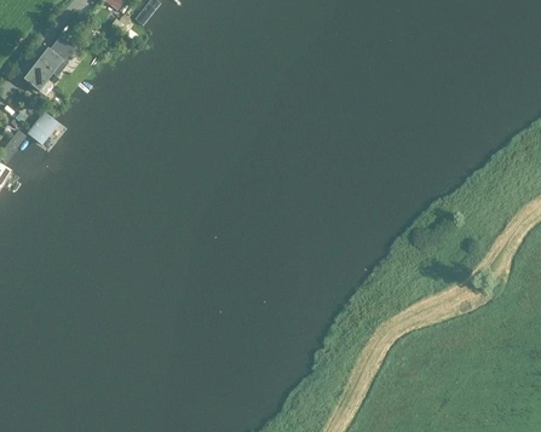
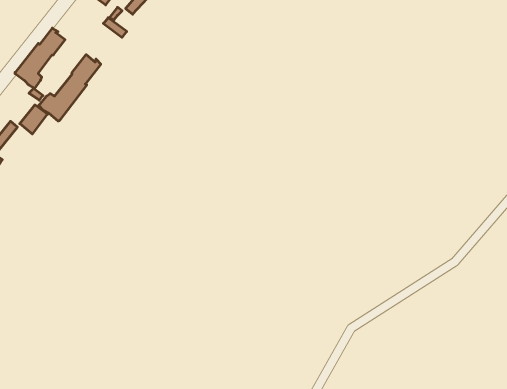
building: none -> [39,55,101,121]

